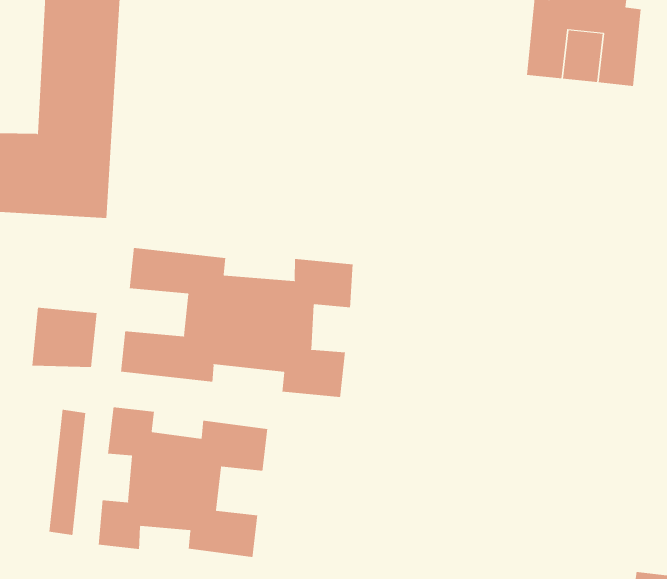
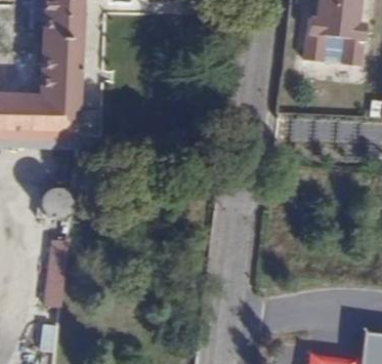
building: [121,247,353,398] -> none
building: [98,407,268,558] -> none

